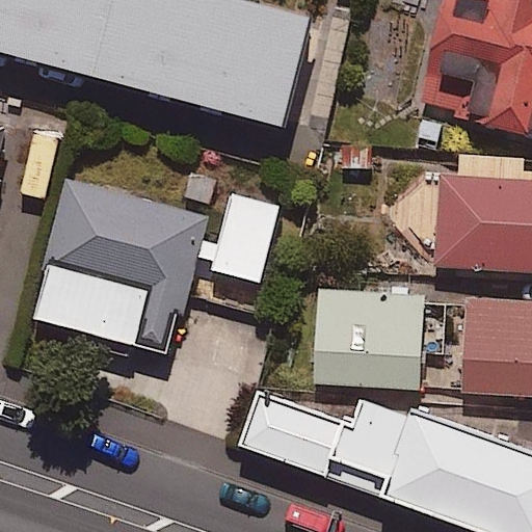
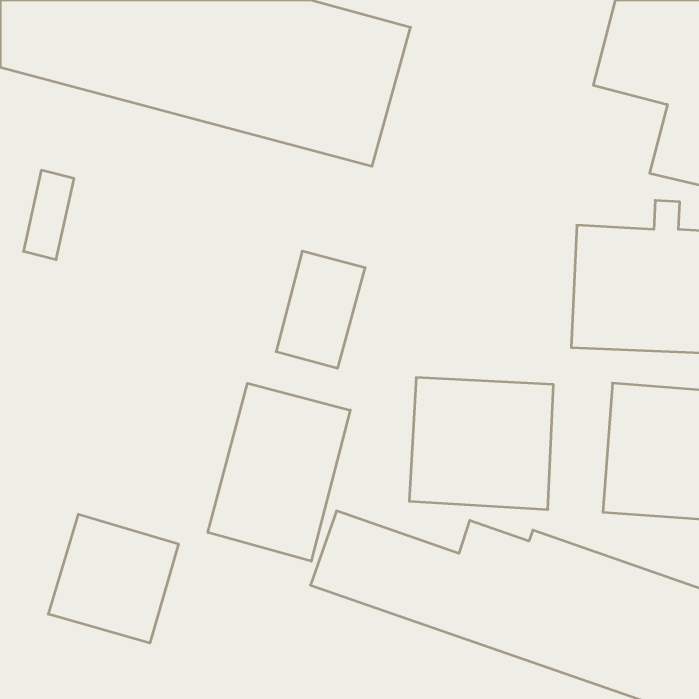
building: [30,177,210,354] -> none
building: none -> [208,383,350,561]
building: none -> [48,514,178,643]

